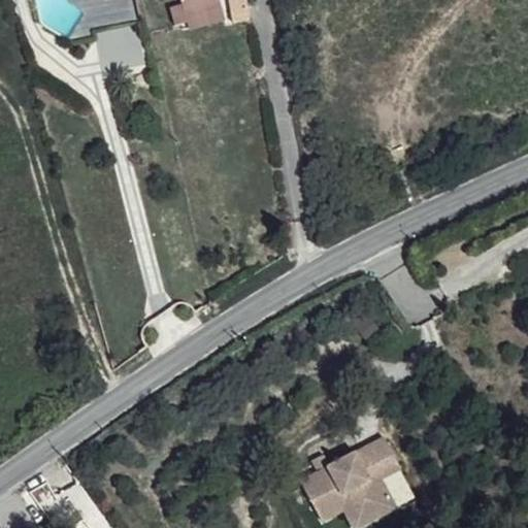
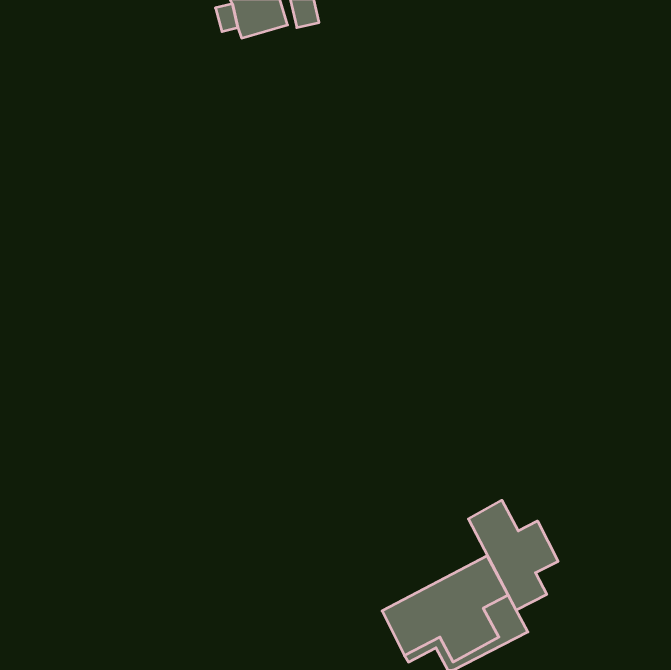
building: none -> [468,500,558,610]

